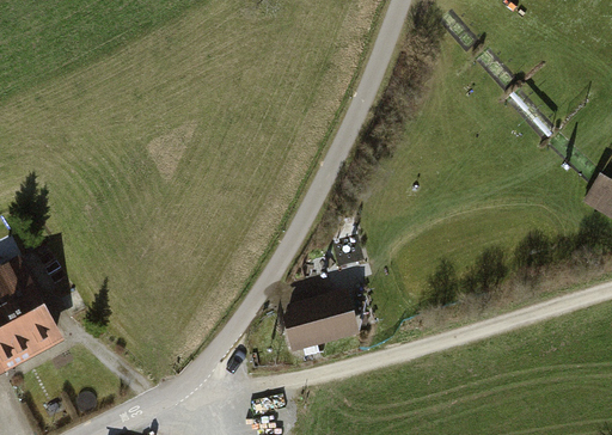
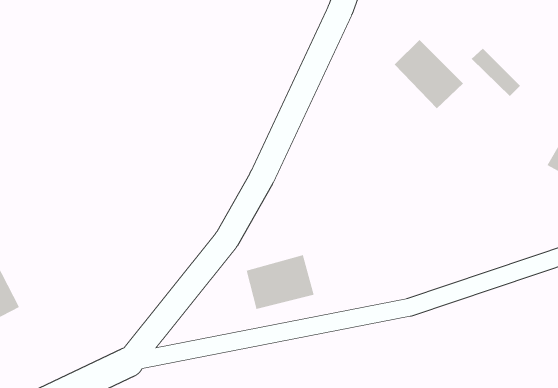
building: none -> [394,39,464,109]

